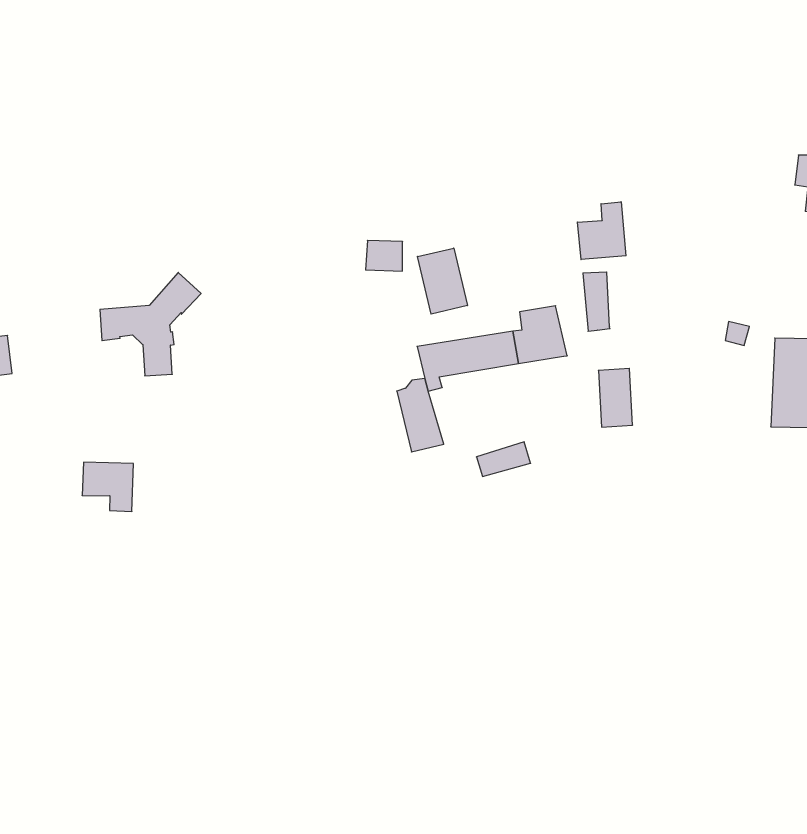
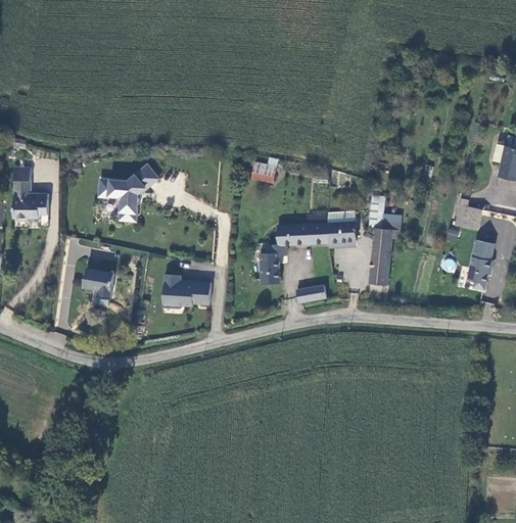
building: [577,202,626,260] -> none
building: [417,248,467,314] -> none
building: none -> [456,204,483,229]
building: none -> [373,227,392,251]
building: none -> [166,277,213,311]

